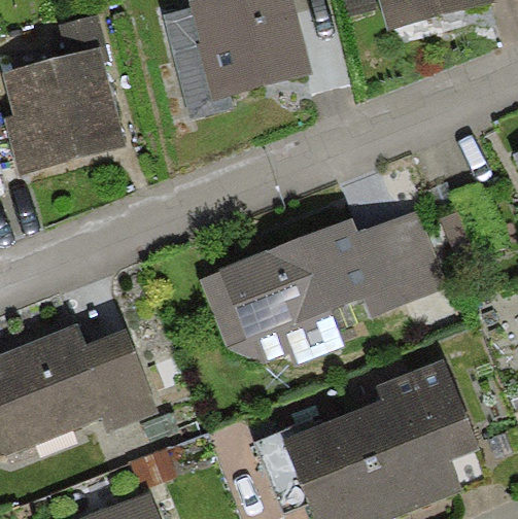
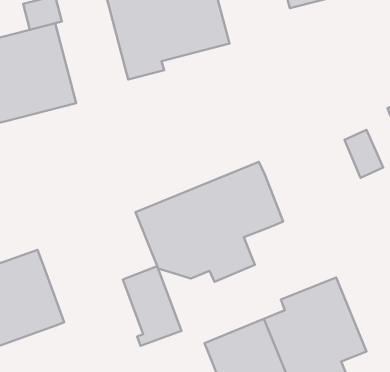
building: [356,210,446,314] -> none
building: [85,332,158,429] -> [123,266,182,346]

